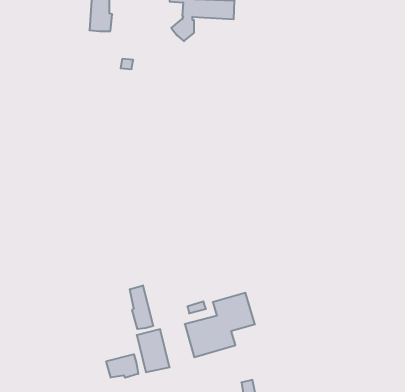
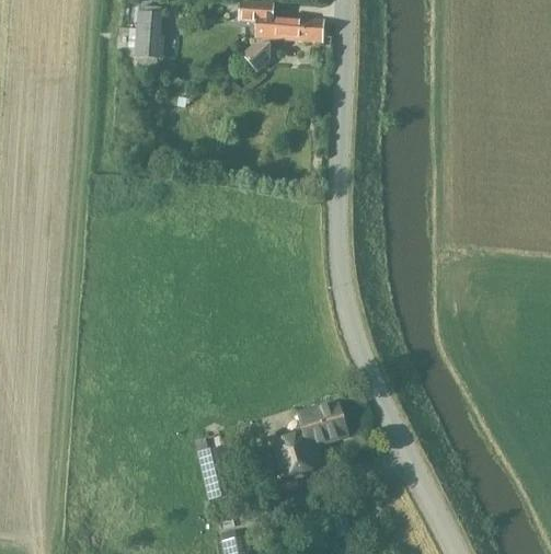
building: [130,285,153,329] -> none
building: [106,354,138,378] -> none

